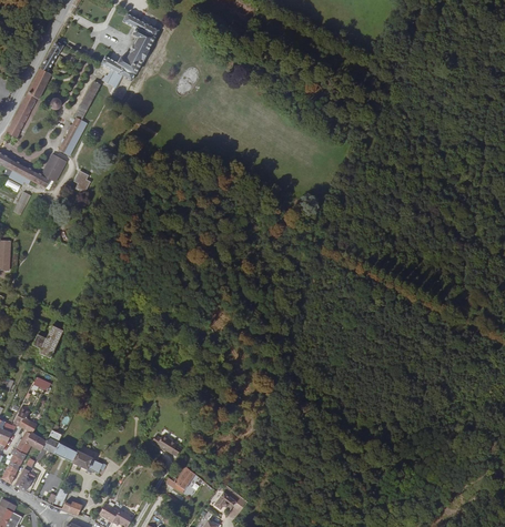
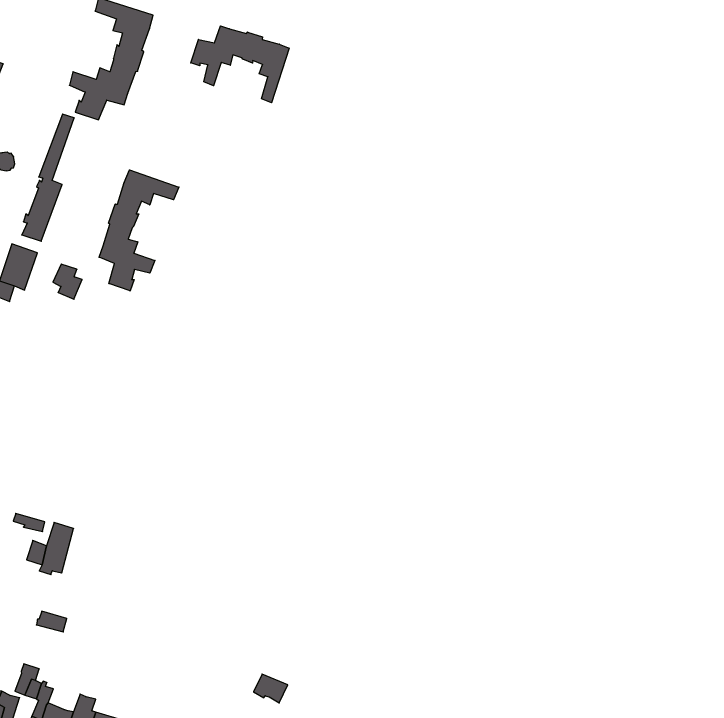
building: none -> [191,26,289,103]
building: none -> [99,170,179,291]

